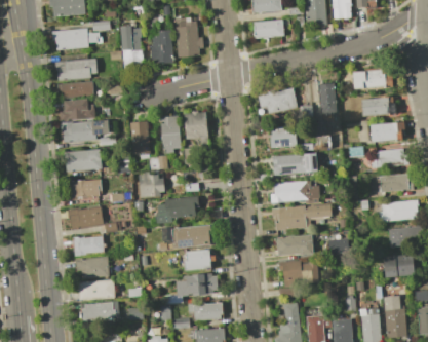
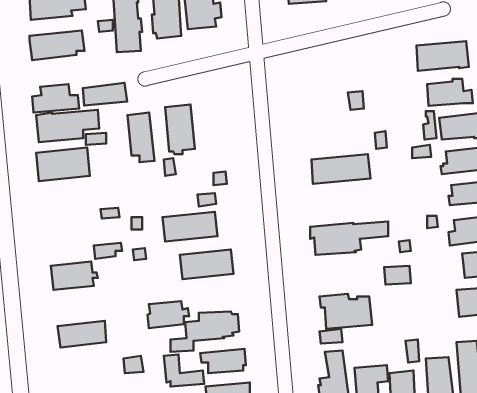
building: [61,81,94,99] -> [83,83,127,106]
building: [316,83,336,117] -> none
building: [258,87,297,114] -> none
building: [184,112,208,139] -> none
building: [269,125,297,148] -> none
building: [139,174,166,199] -> none
building: [65,179,101,197] -> none
building: [270,180,319,203] -> none
building: [70,205,104,230] -> none
building: [275,234,312,256] -> none
building: [184,251,216,271] -> [148,301,189,328]
building: [76,258,110,280] -> none
building: [80,301,116,322] -> none

